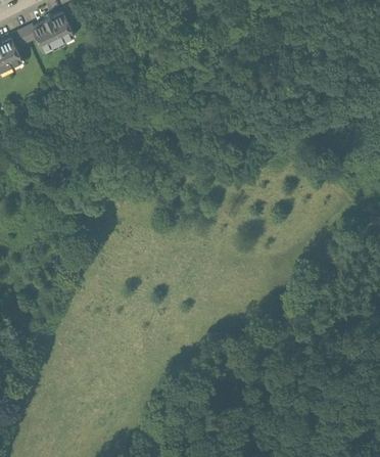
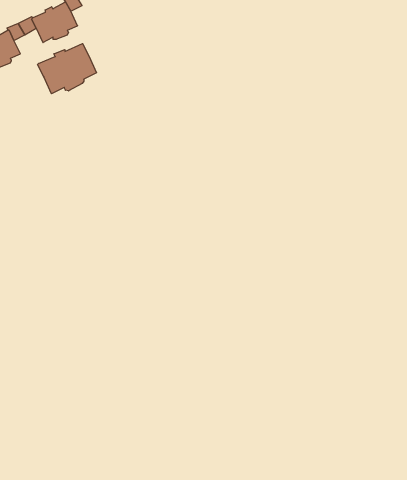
building: none -> [38,44,96,94]

